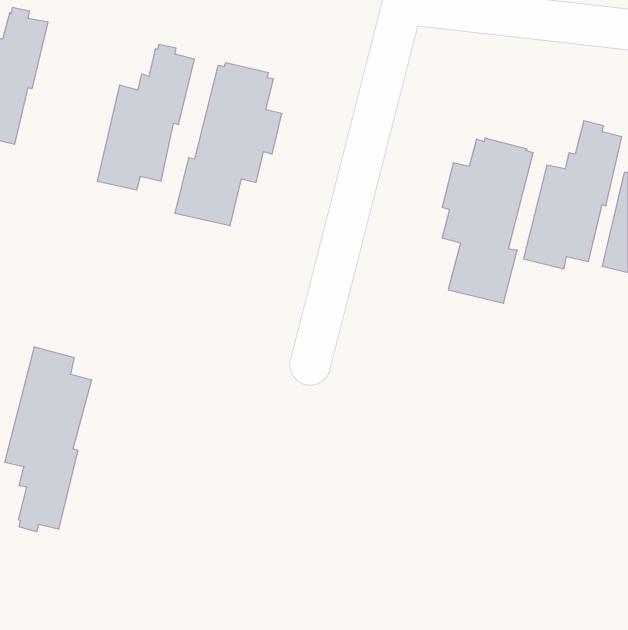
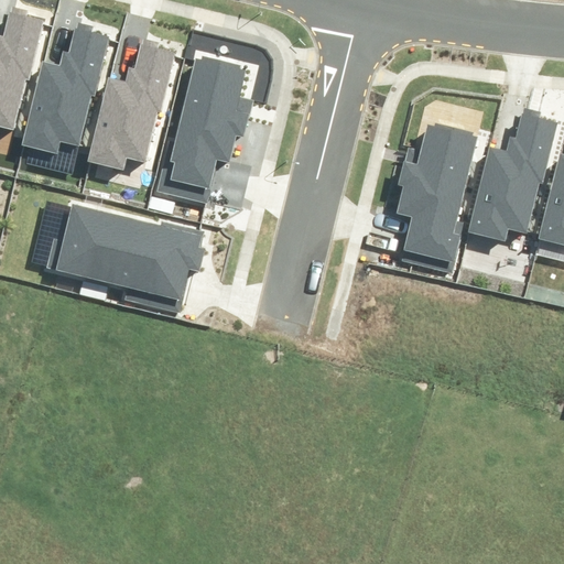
building: none -> [21,23,108,153]
building: none -> [46,205,205,312]
building: [5,347,92,532] -> none

